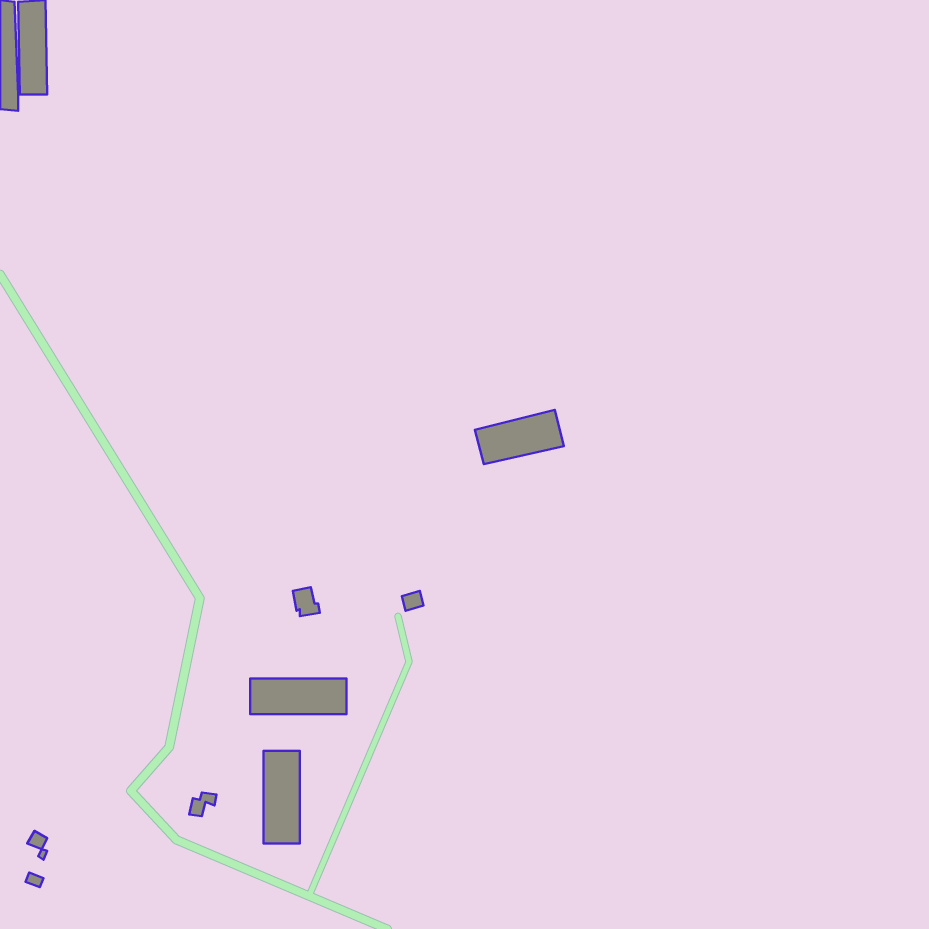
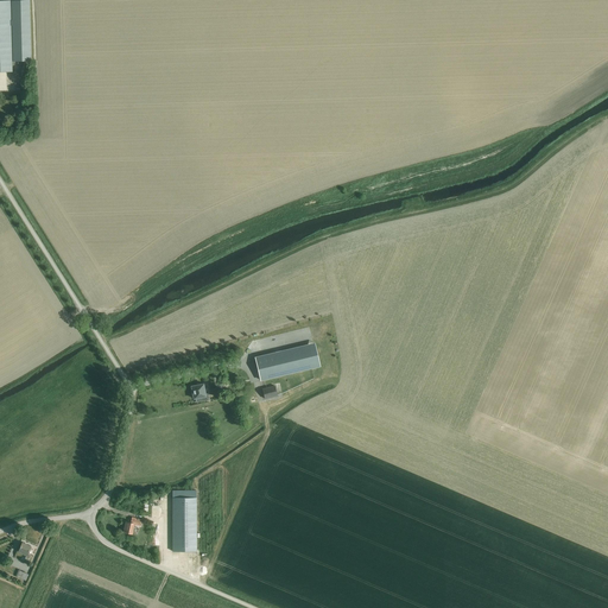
building: [475,410,564,464] -> [255,344,314,380]
building: [250,678,347,714] -> none

